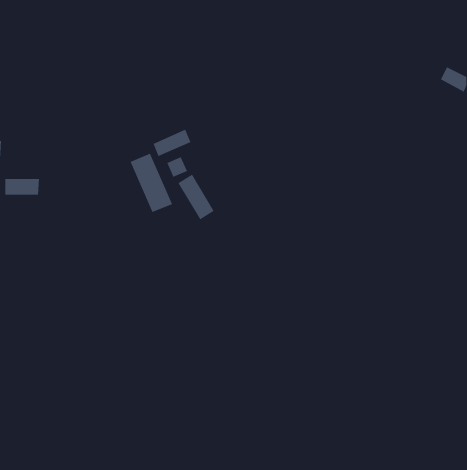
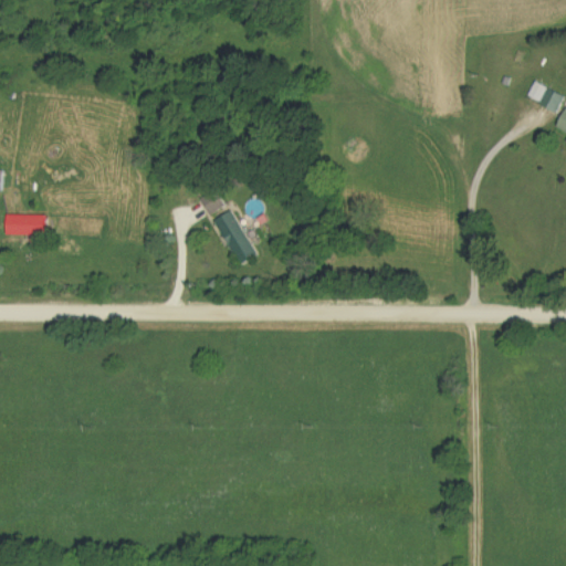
building: [153,129,191,157] -> none
building: [130,153,173,213] -> none

